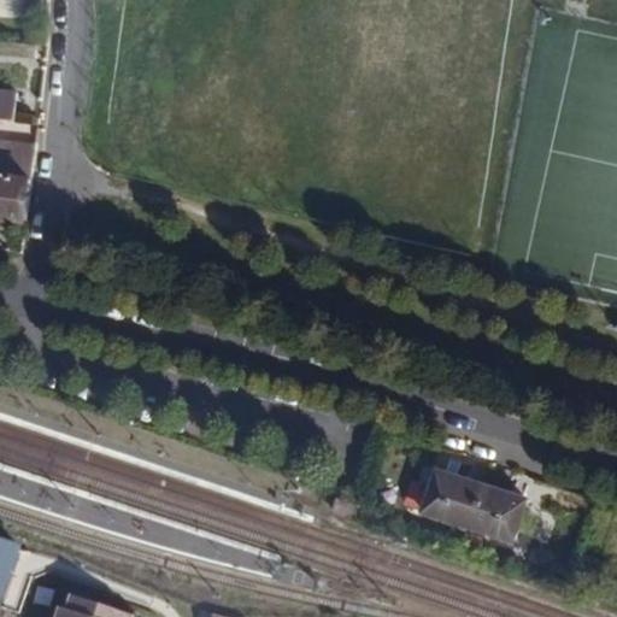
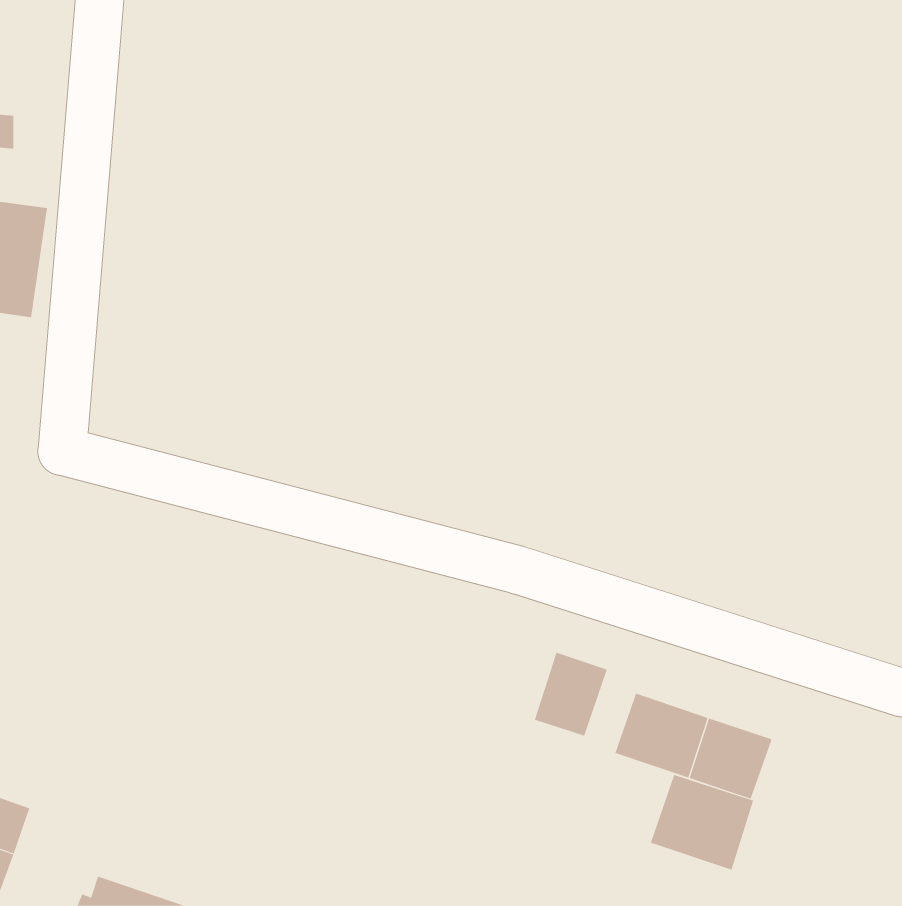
building: none -> [534,652,608,736]
building: none -> [650,774,754,870]

